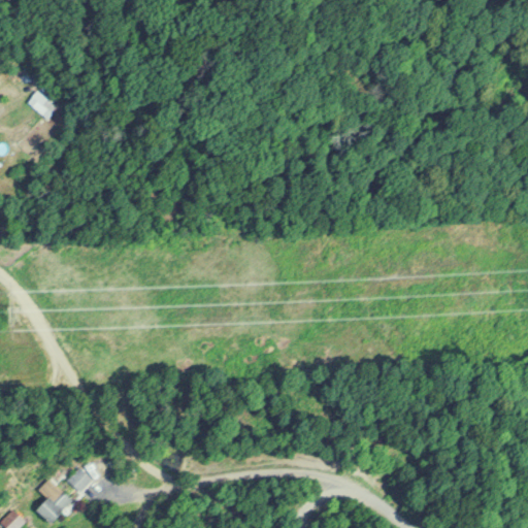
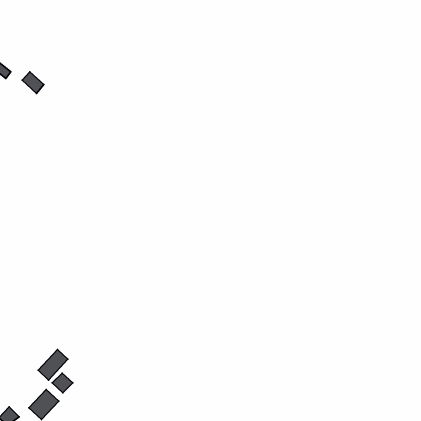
building: none -> [38,349,68,380]

